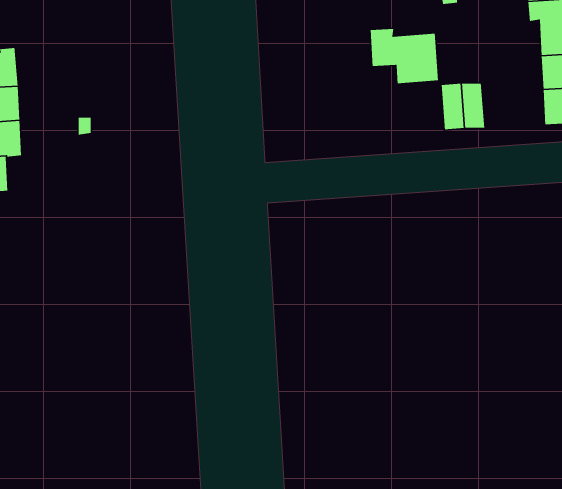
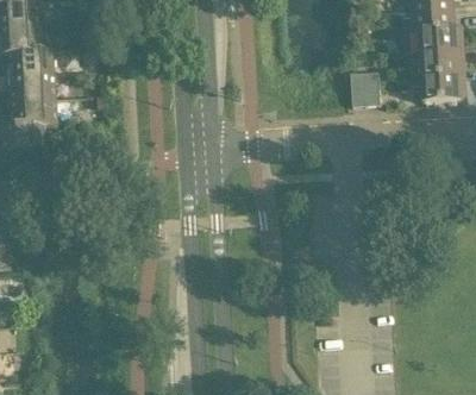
building: [370,28,439,84] -> none

